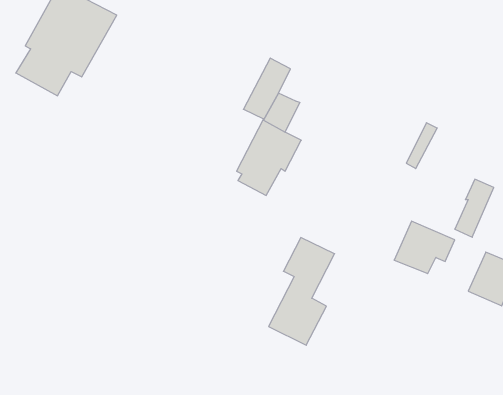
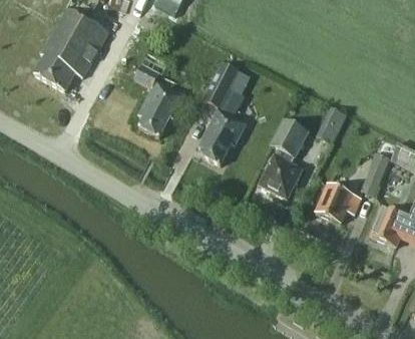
building: none -> [135,52,185,136]
building: [269,238,335,345] -> [260,117,309,198]

